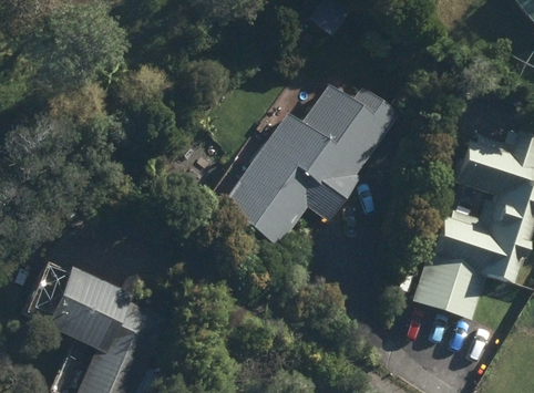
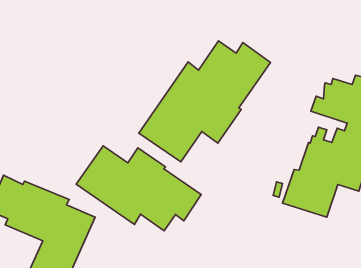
building: none -> [76,146,201,231]

